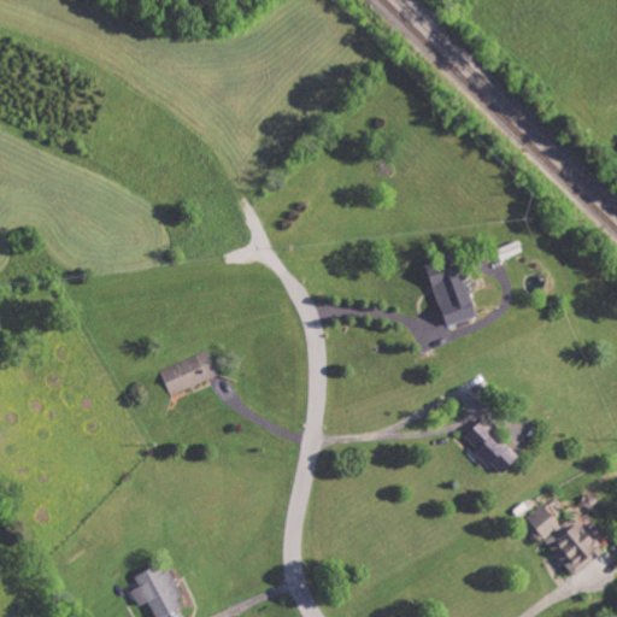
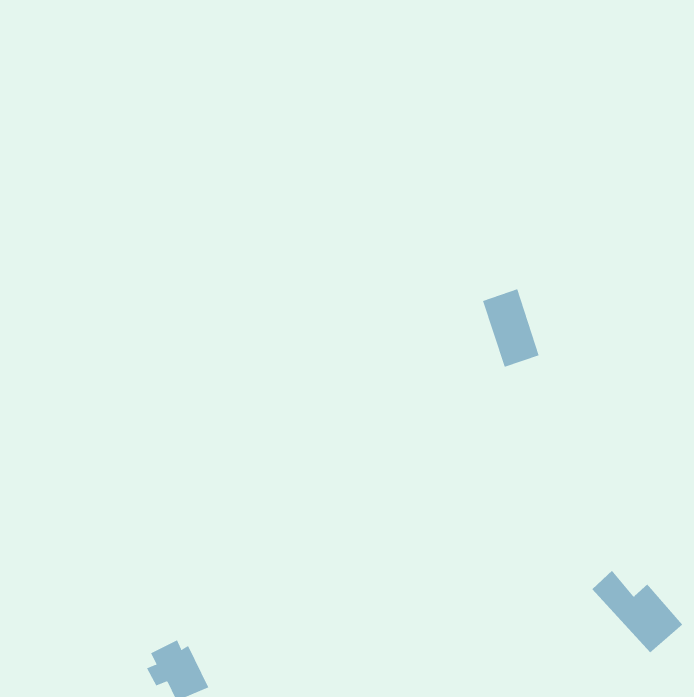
building: [157,349,216,395] -> none
building: [462,419,517,476] -> none

